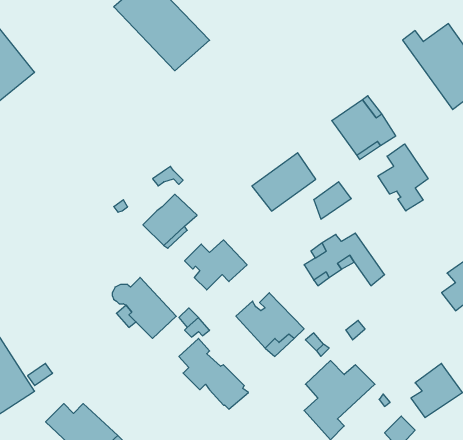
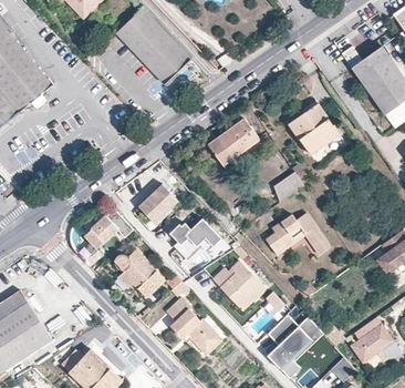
building: [378,144,428,211] -> none
building: [252,153,316,211] -> [207,116,258,163]
building: none -> [83,208,133,248]

